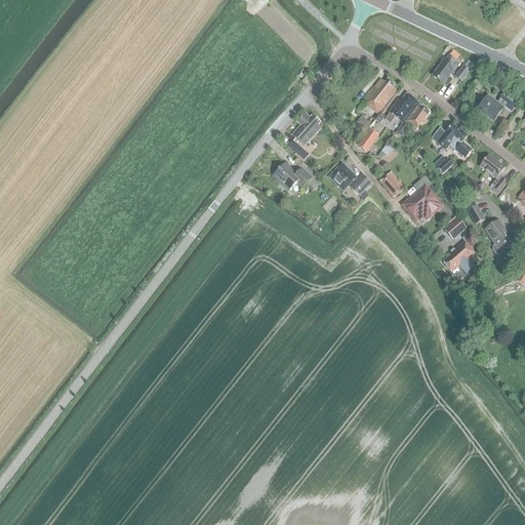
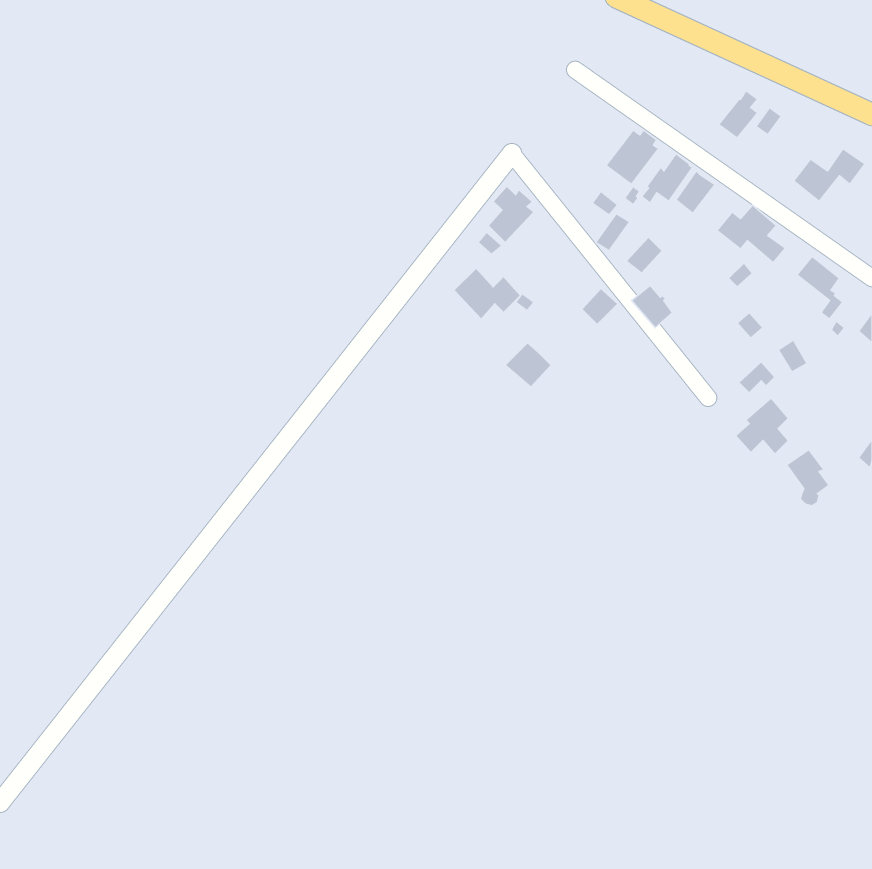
building: [328,163,356,190] -> [505,343,551,387]
building: [403,187,441,217] -> none
building: [484,219,510,253] -> [787,449,829,506]

